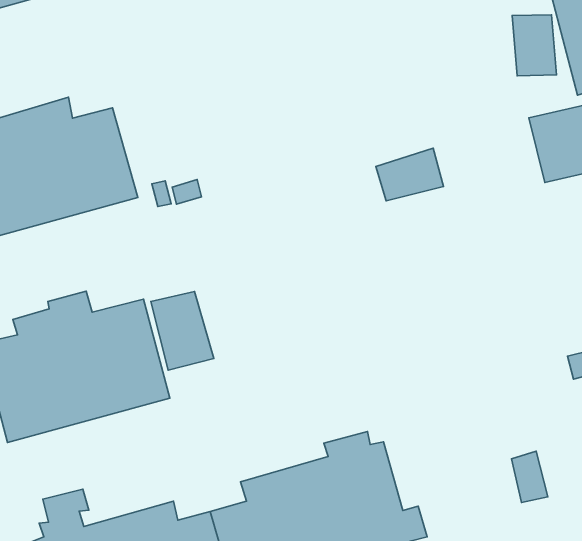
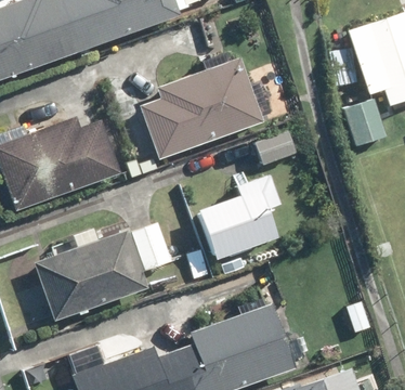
building: none -> [140,57,264,159]
building: none -> [200,174,280,259]

